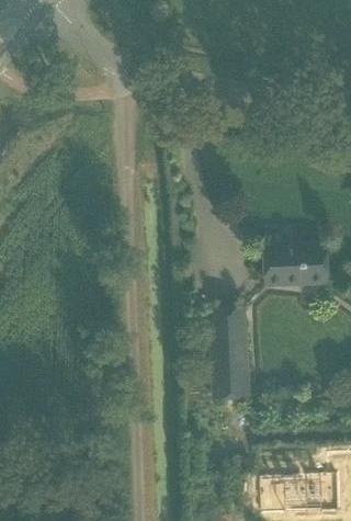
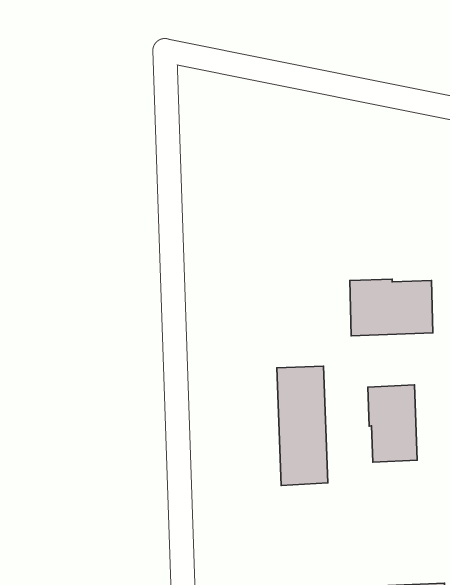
building: none -> [368,385,417,462]

